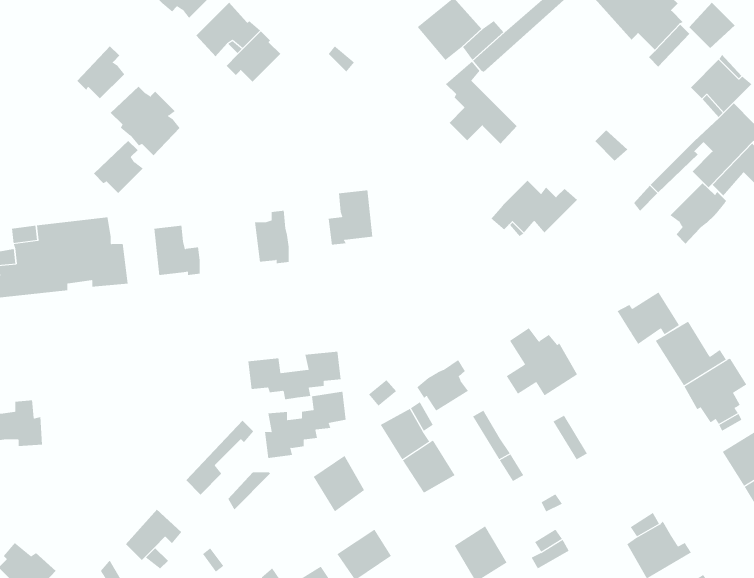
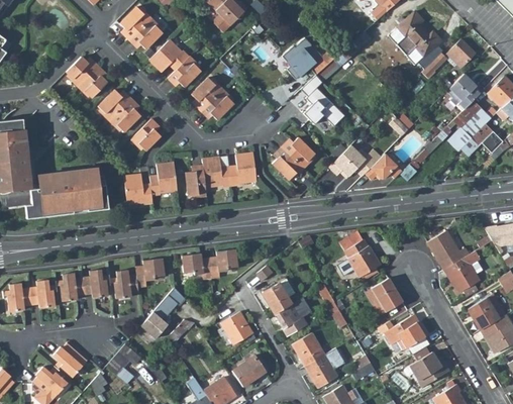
building: none -> [66,57,98,87]
building: none -> [191,78,233,121]
building: [93,140,143,194] -> [130,118,161,150]
building: none -> [273,137,315,180]
building: [669,182,727,244] -> none
building: none -> [363,156,401,182]
building: none -> [202,157,231,187]
building: none -> [150,163,178,195]
building: [617,291,680,345] -> none
building: [417,359,469,411] -> none
building: none -> [63,269,111,301]
building: [264,391,346,458] -> [117,258,167,298]
building: none -> [372,278,403,311]
building: none -> [377,314,427,351]
building: none -> [292,333,324,367]
building: none -> [50,340,86,376]

